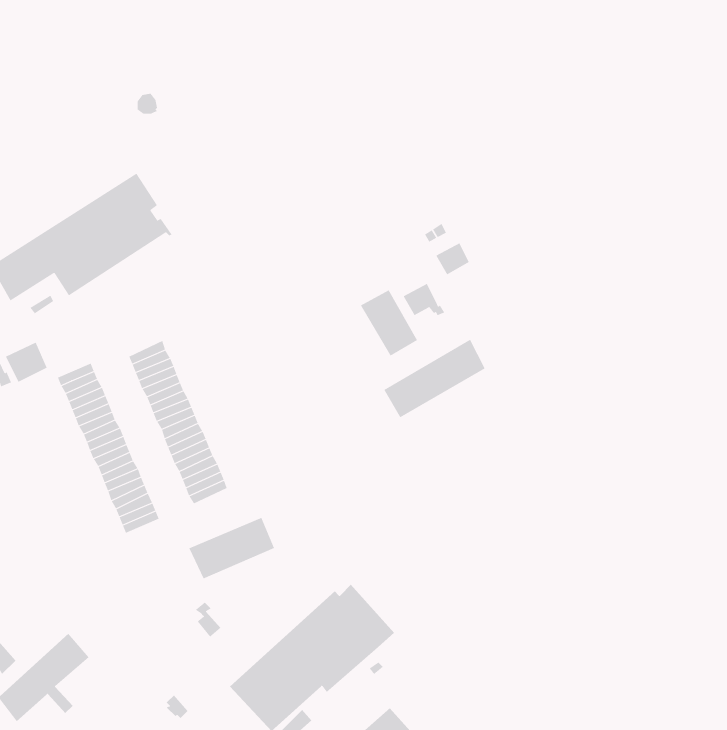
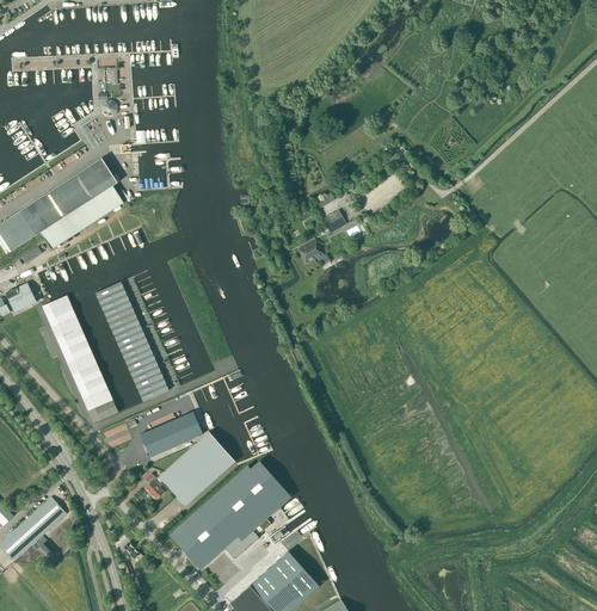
building: [360,290,418,357] -> none
building: [383,339,486,418] -> none
building: none -> [159,432,235,506]

